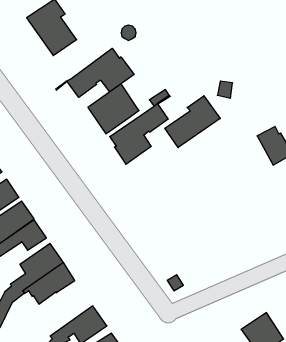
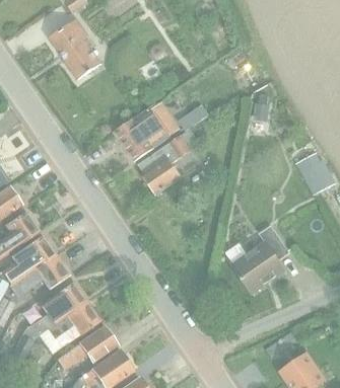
building: [56,48,134,97] -> none
building: [165,96,220,148] -> none
building: none -> [224,227,288,294]
building: none -> [53,324,116,372]

